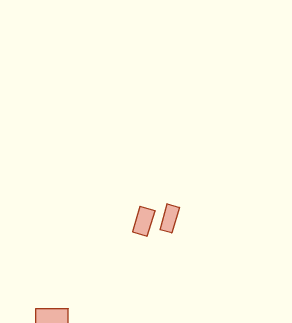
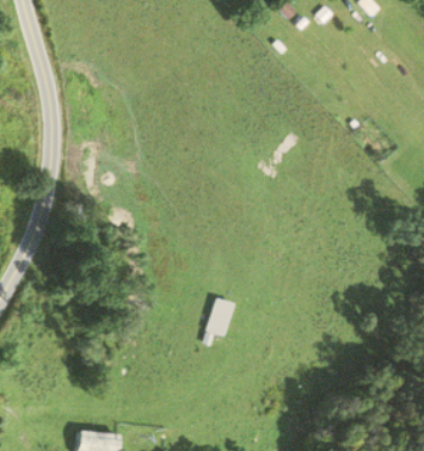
building: [160,204,179,233] -> none

